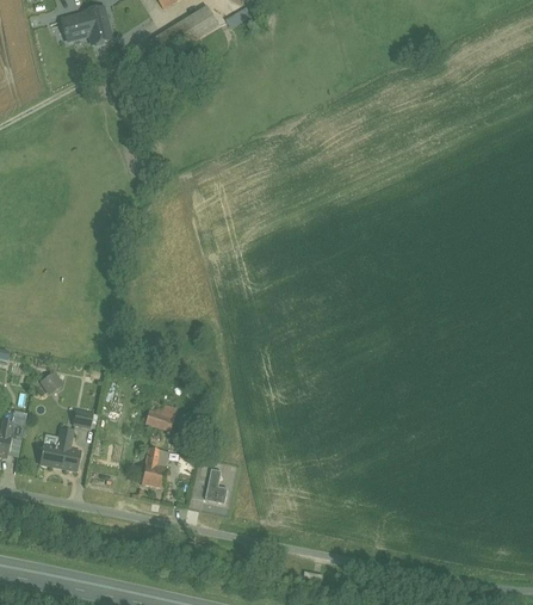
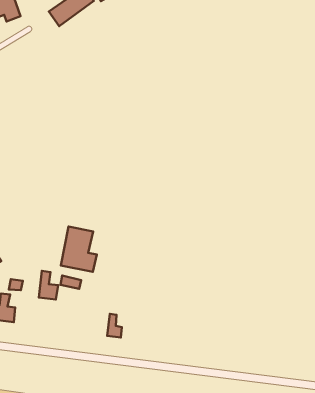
building: none -> [61,227,97,272]
building: [140,446,168,488] -> [39,271,58,300]

